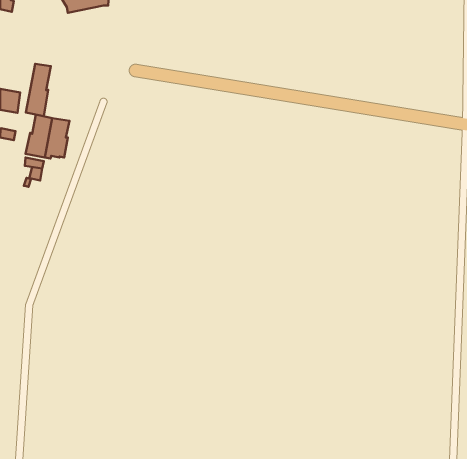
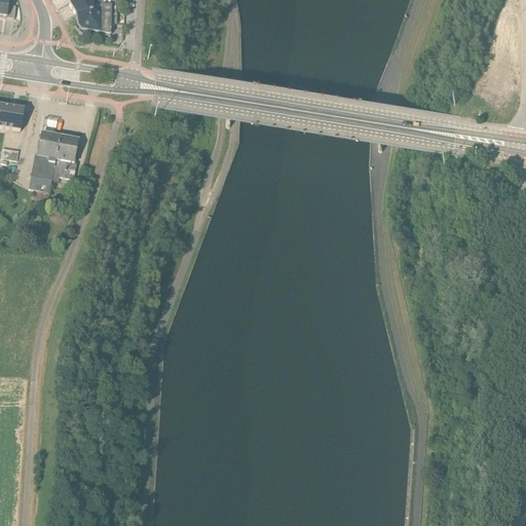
building: none -> [73,6,117,30]
building: [26,64,51,116] -> none

